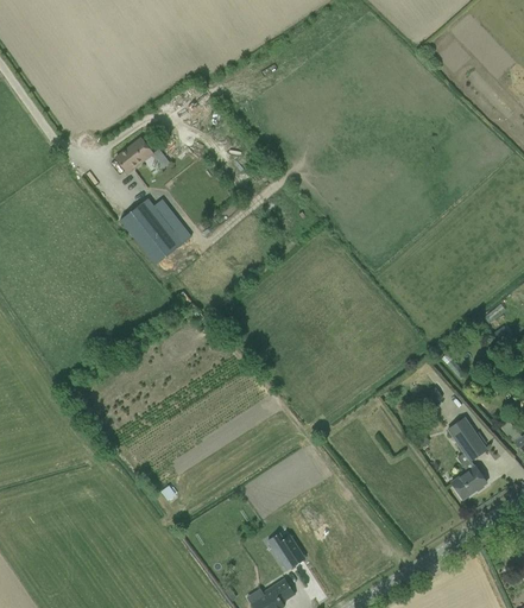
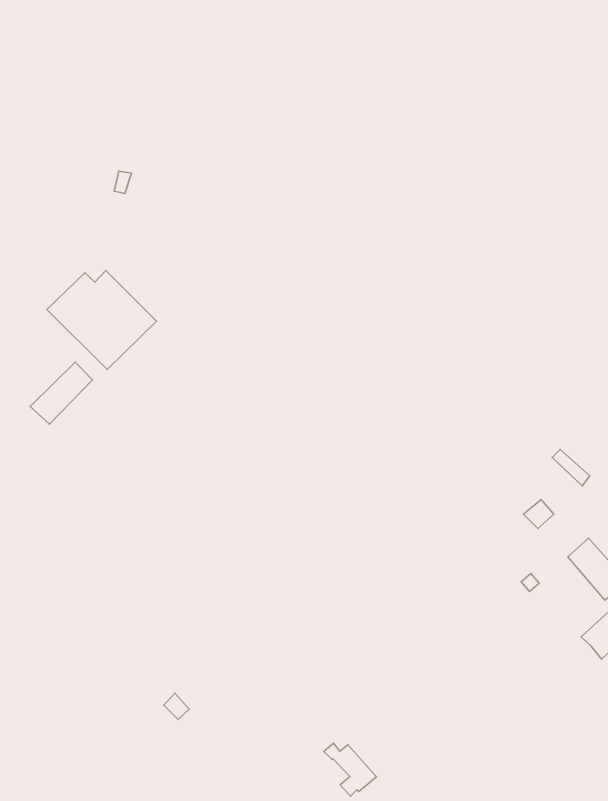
building: [115,138,153,171] -> none
building: none -> [30,362,93,424]

